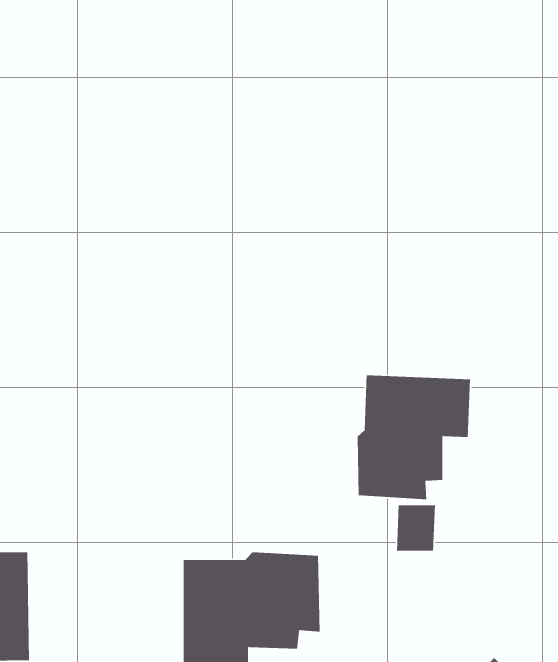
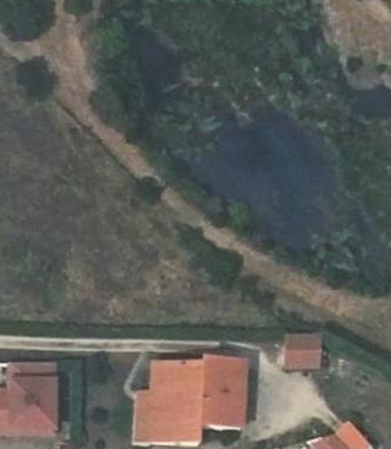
building: [357,375,471,500] -> none

